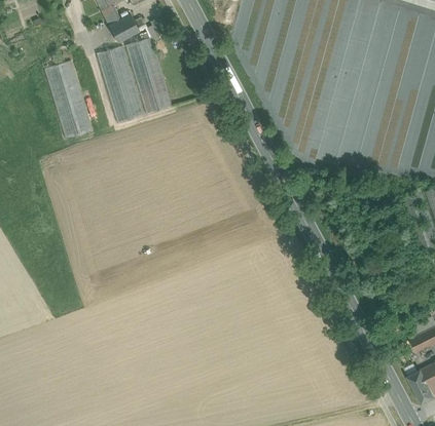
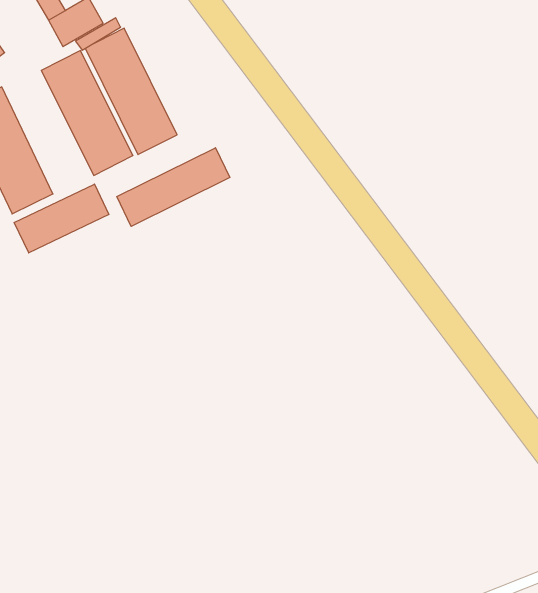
building: none -> [117,148,230,226]
building: none -> [14,184,109,253]

